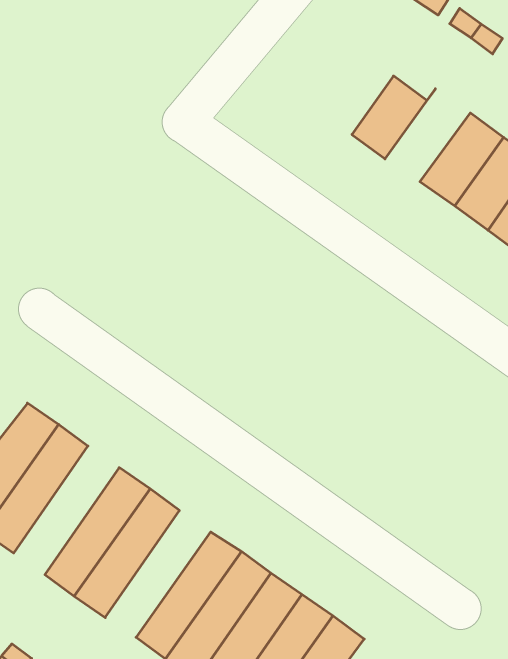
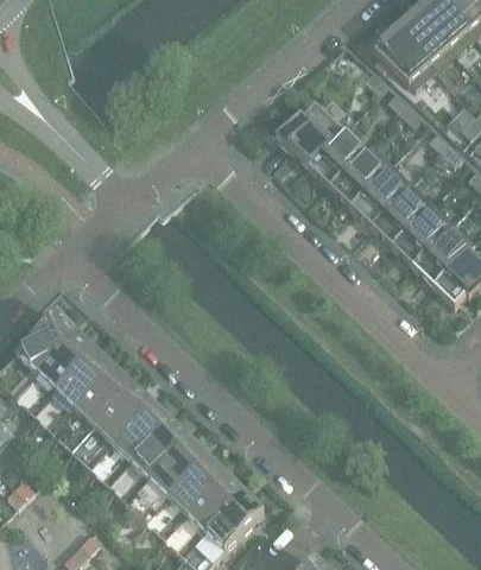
building: none -> [277,101,344,164]
building: none -> [330,141,393,203]
building: none -> [36,349,116,432]
building: none -> [91,403,172,484]

